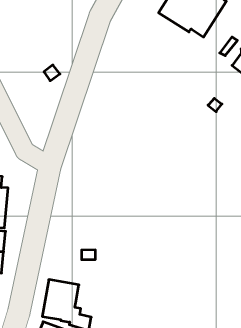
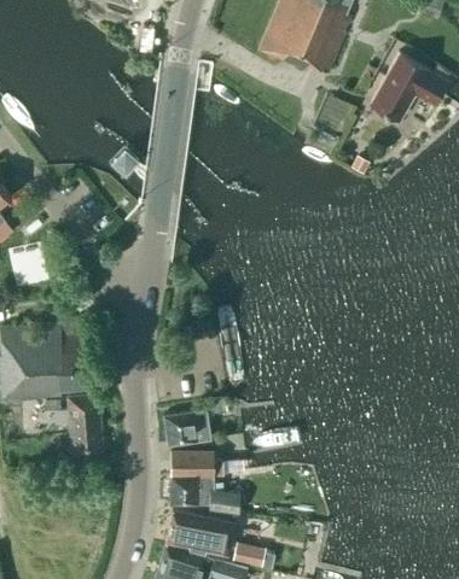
building: none -> [162,410,209,445]

